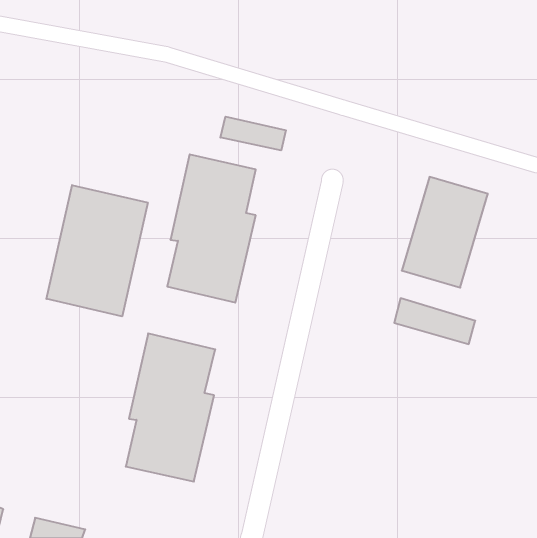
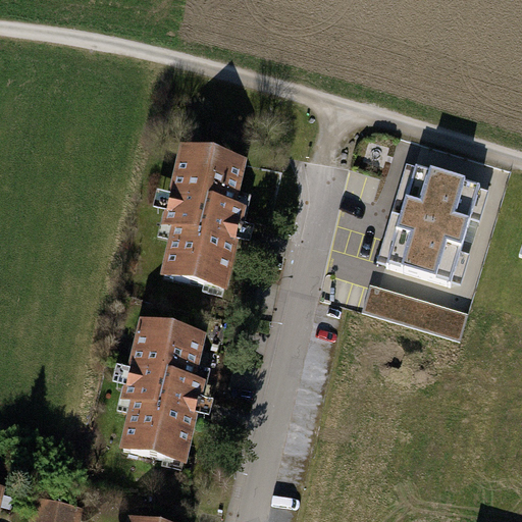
building: [220,117,286,150] -> none
building: [46,185,148,316] -> none

